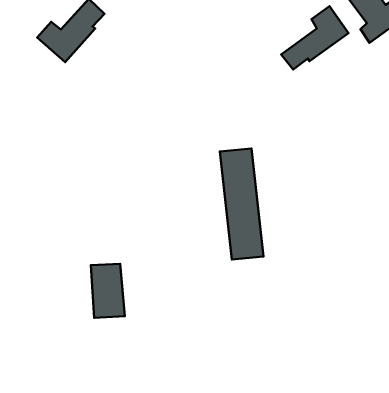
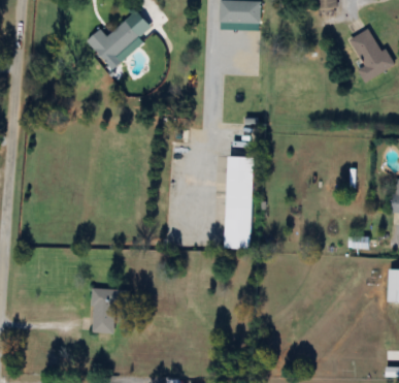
building: [281,6,348,70] -> none
building: [91,264,125,318] -> [90,287,118,333]

